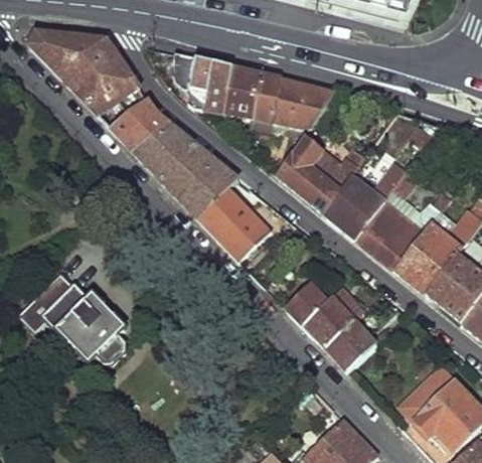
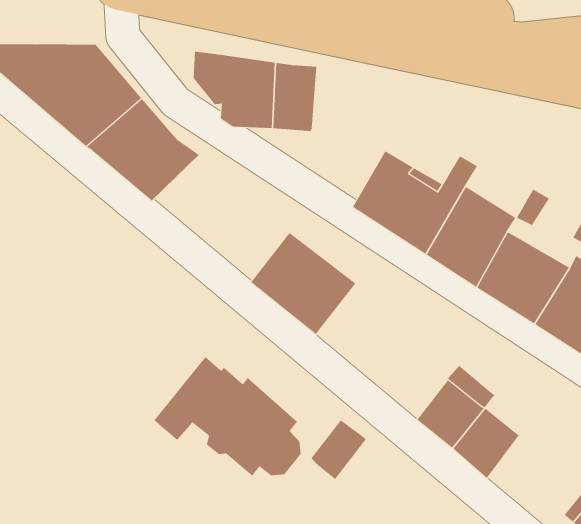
building: [254,71,334,128] -> none
building: [135,125,238,218] -> none
building: [24,272,126,361] -> [154,356,301,476]
building: [289,286,330,328] -> [310,419,367,480]

